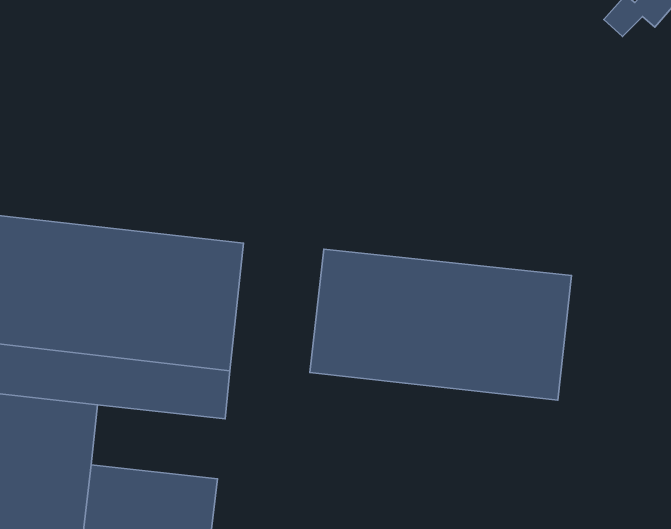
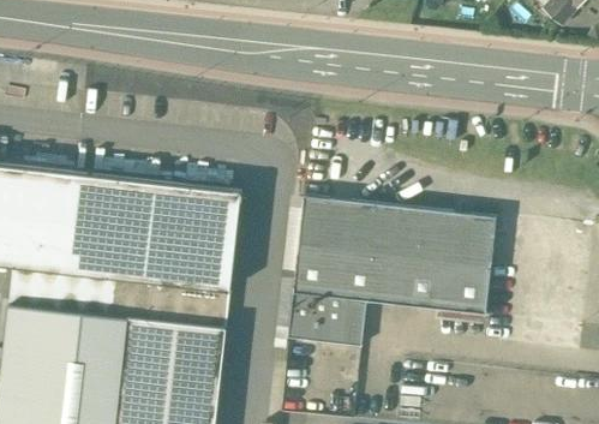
building: none -> [287,292,366,346]
building: none -> [121,317,226,375]

